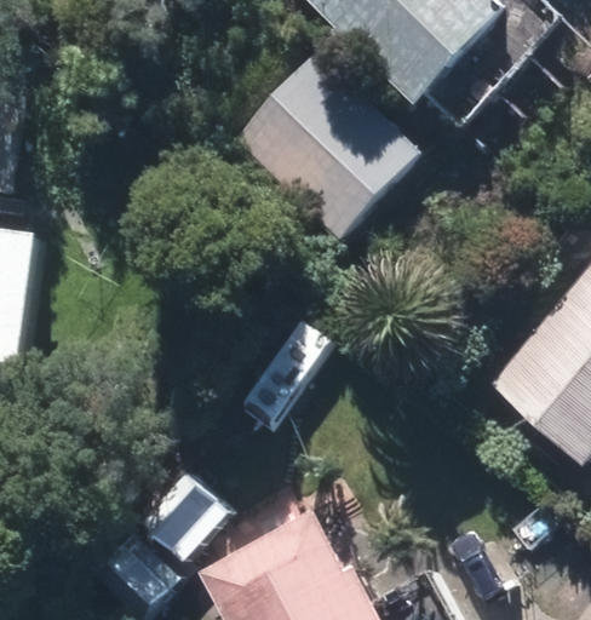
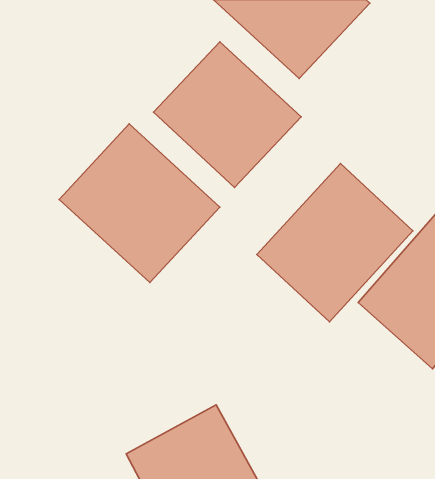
building: none -> [59,124,220,283]
building: none -> [257,163,413,322]

